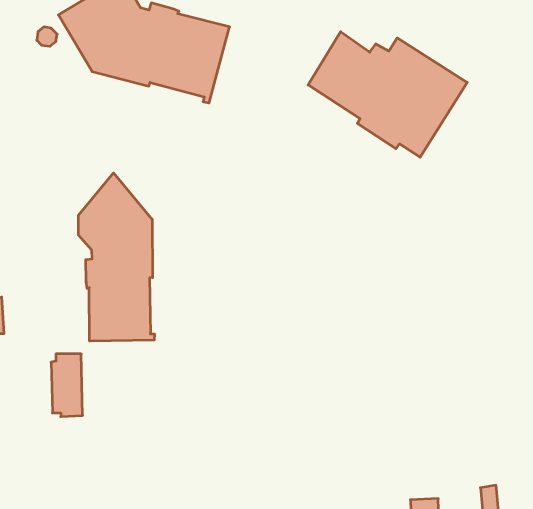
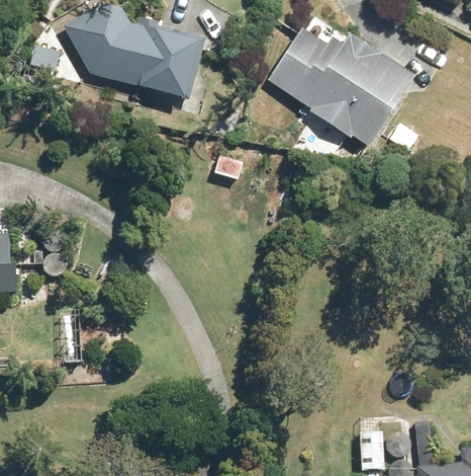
building: [78,173,154,341] -> none

